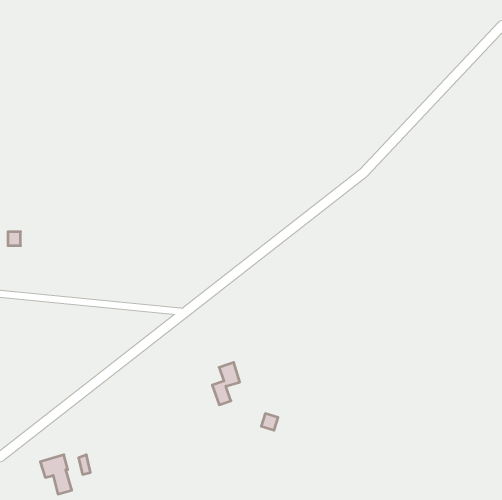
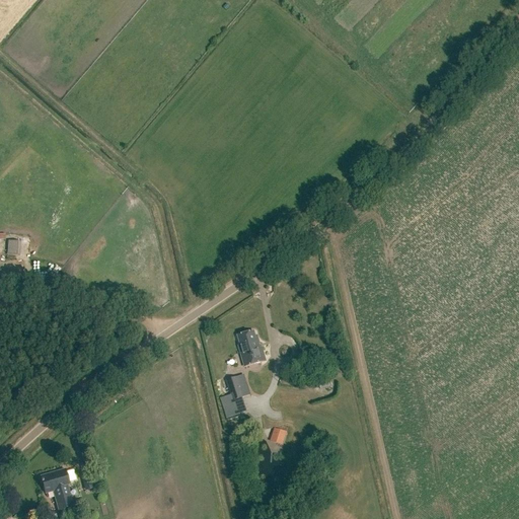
building: none -> [238,330,266,366]

